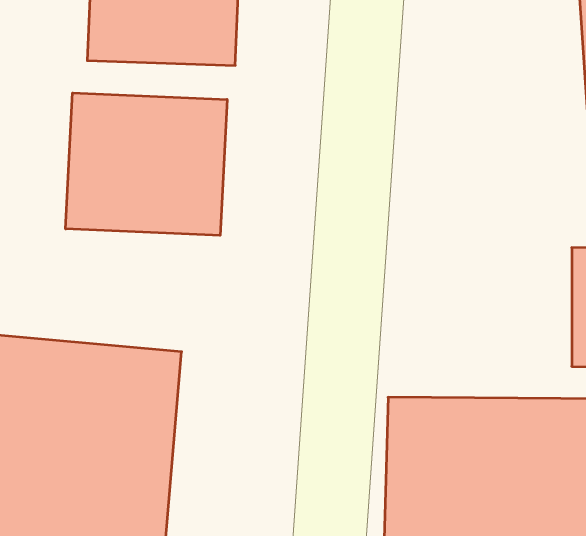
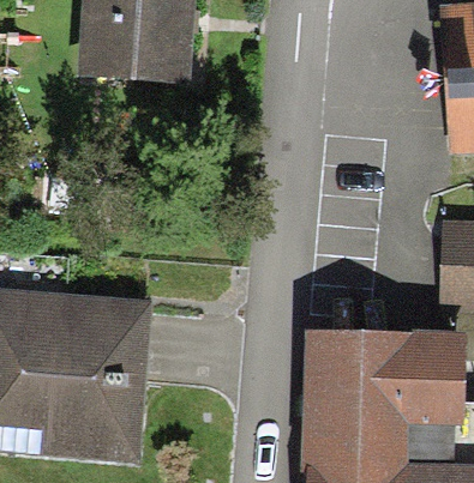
building: [66,93,227,235] -> none

